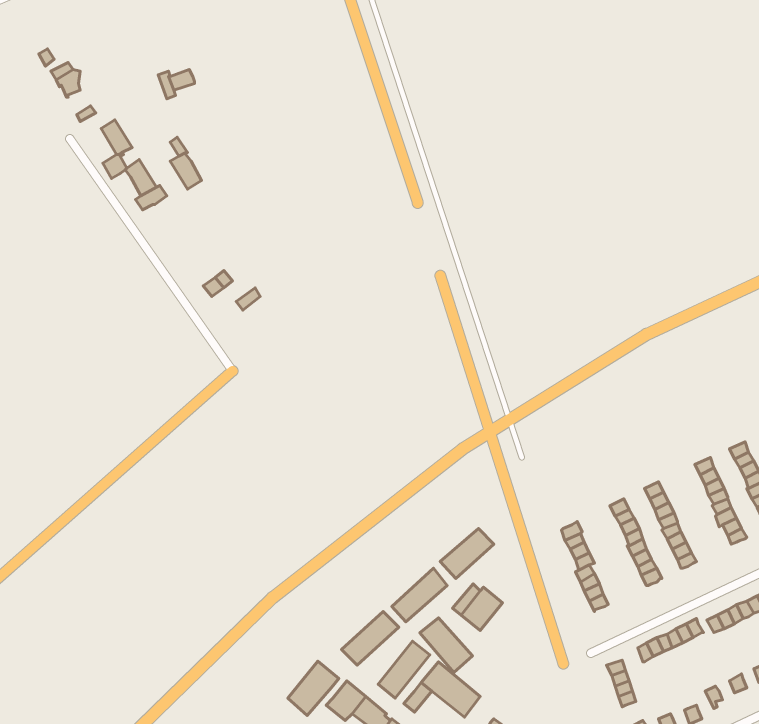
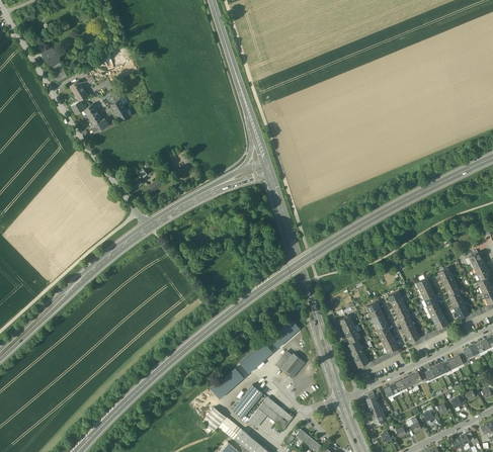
building: [420,618,472,672] -> none
building: [288,661,339,716] -> none

